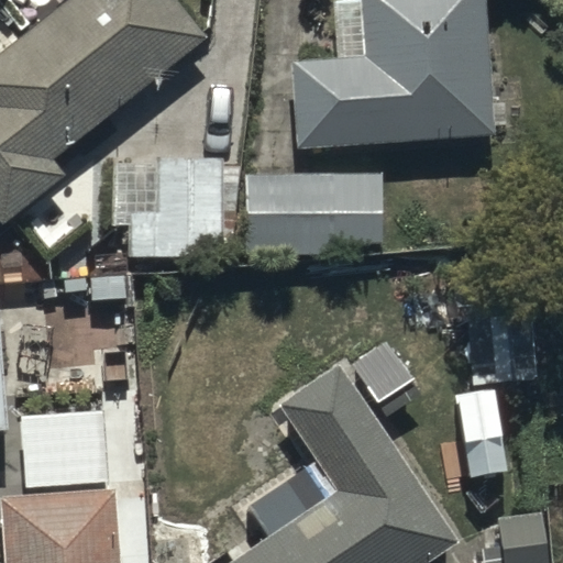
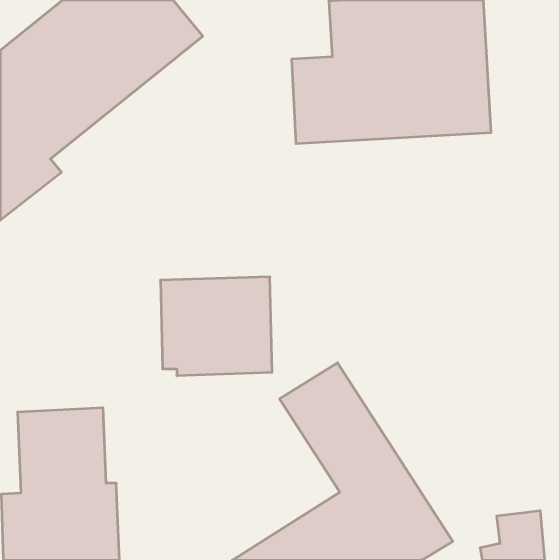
building: [114,161,227,260] -> [160,277,272,376]
building: [242,175,382,244] -> none

